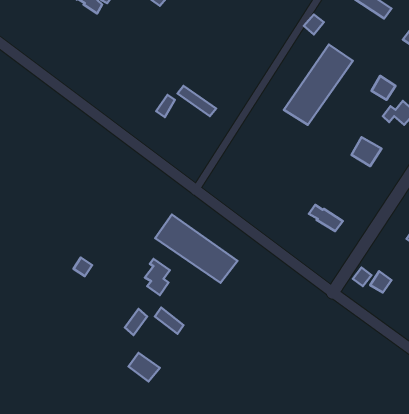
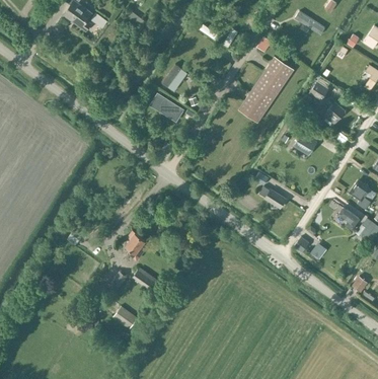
building: none -> [163,63,190,91]
building: [155,215,238,283] -> none

